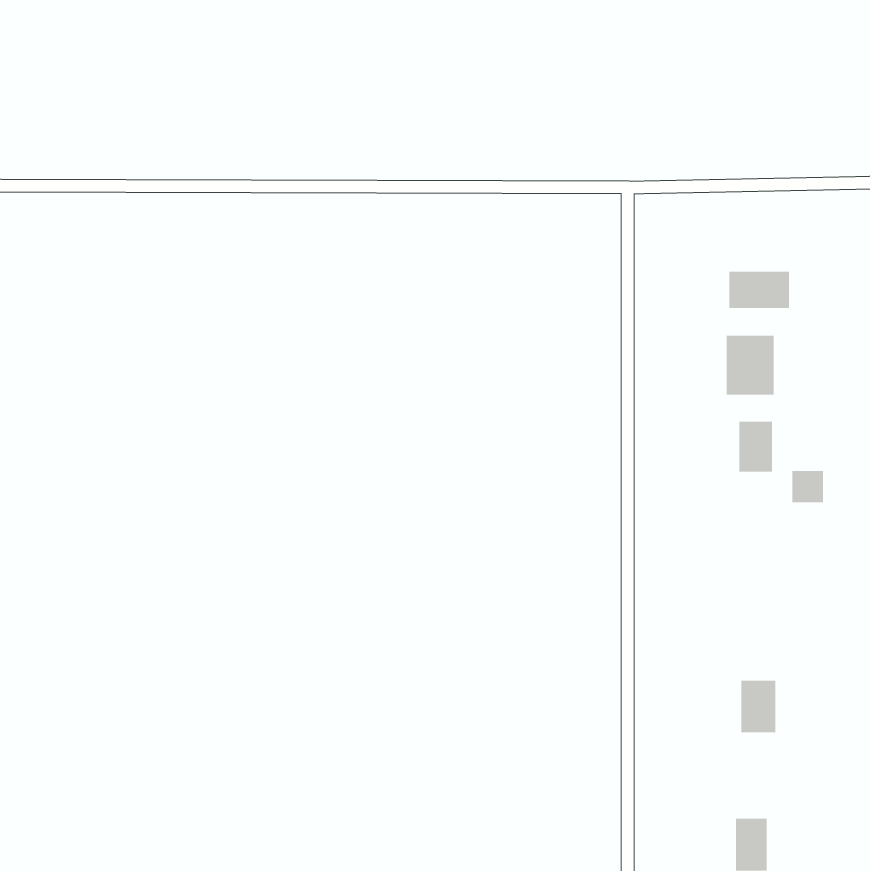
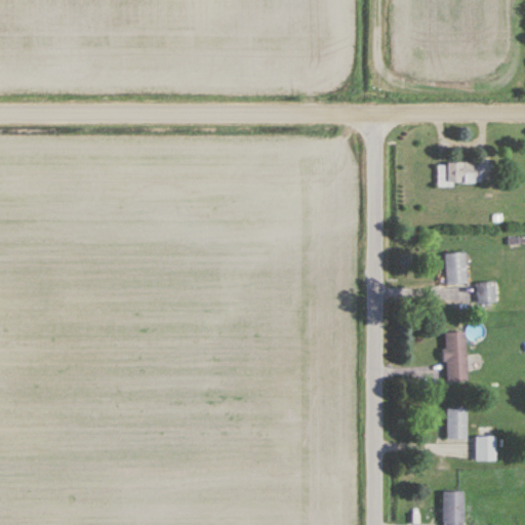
building: [726,335,774,396] -> none
building: none -> [445,332,467,381]
building: none -> [476,437,496,461]

